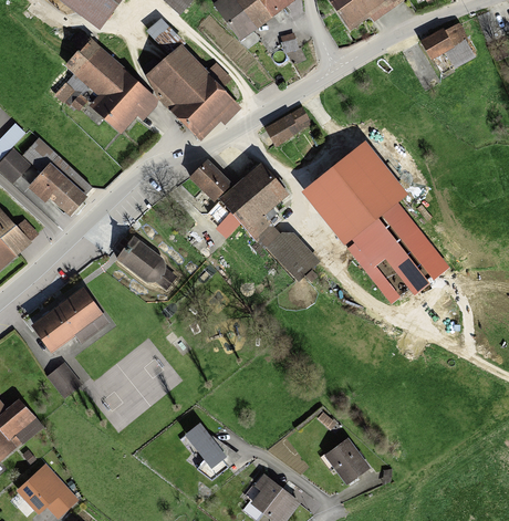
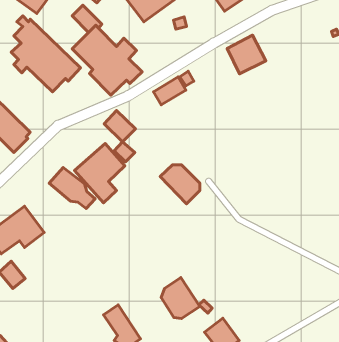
building: [423,22,475,74] -> [227,35,266,74]
building: [308,146,454,302] -> none
building: [218,163,285,242] -> [75,143,125,203]
building: none -> [161,277,200,318]

